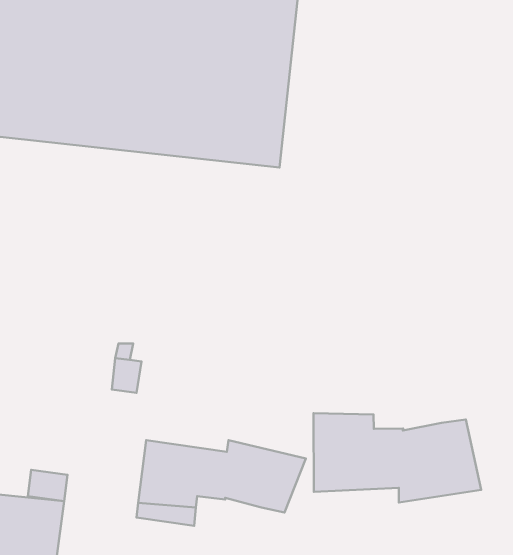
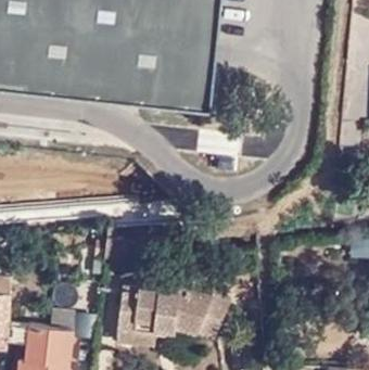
building: [313,413,481,502] -> none

